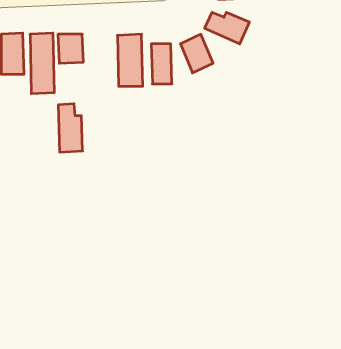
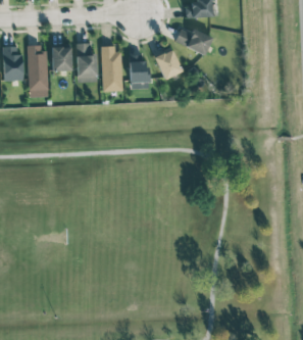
building: [58,104,83,152] -> [77,43,97,84]

